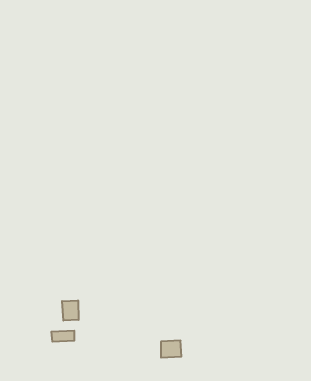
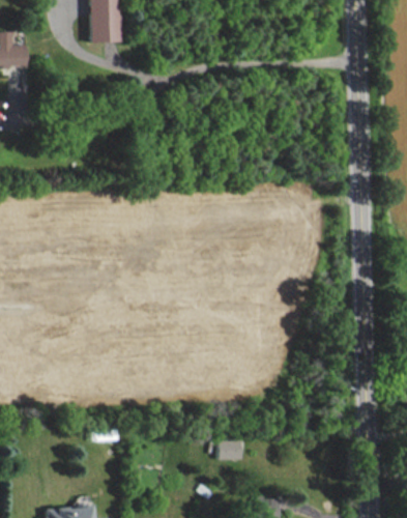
building: [62,300,79,321] -> none

